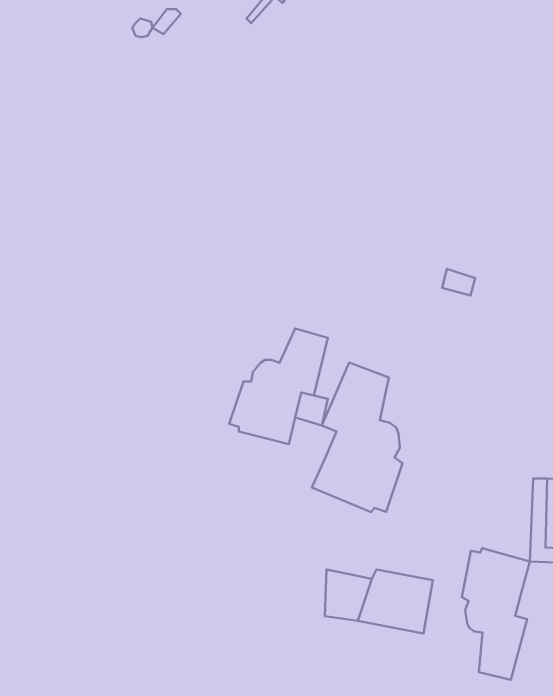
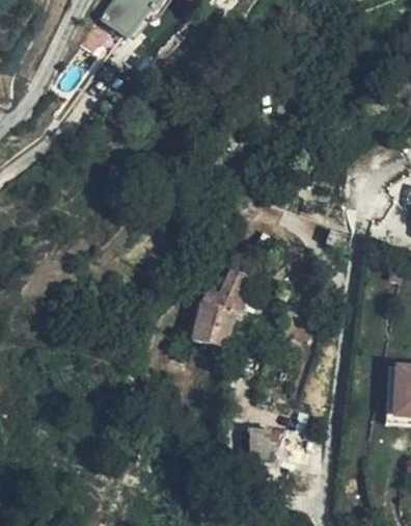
building: [312,363,402,512] -> none
building: [462,548,530,680] -> none

